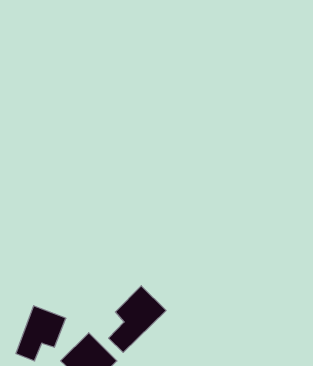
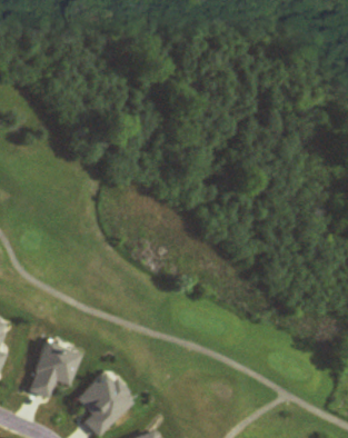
building: [109,286,166,352] -> none

